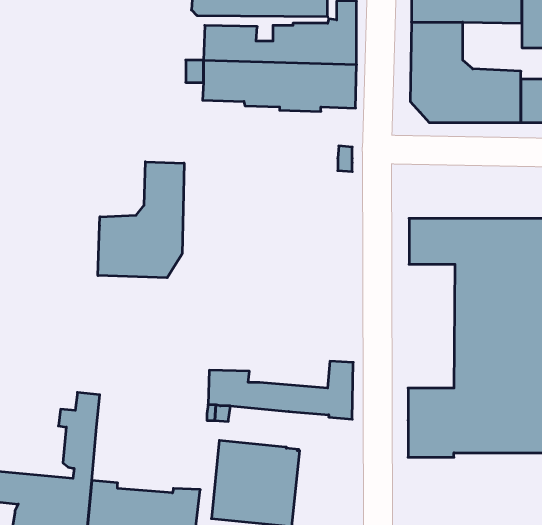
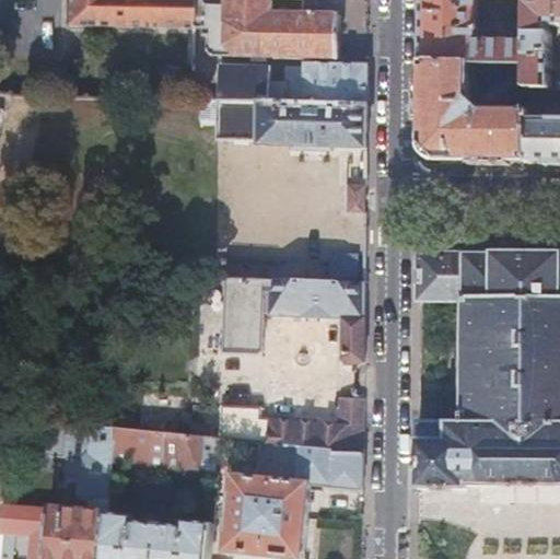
building: [98,162,184,278] -> none
building: none -> [222,276,362,361]
building: none -> [109,428,203,467]
building: none -> [294,444,360,488]

